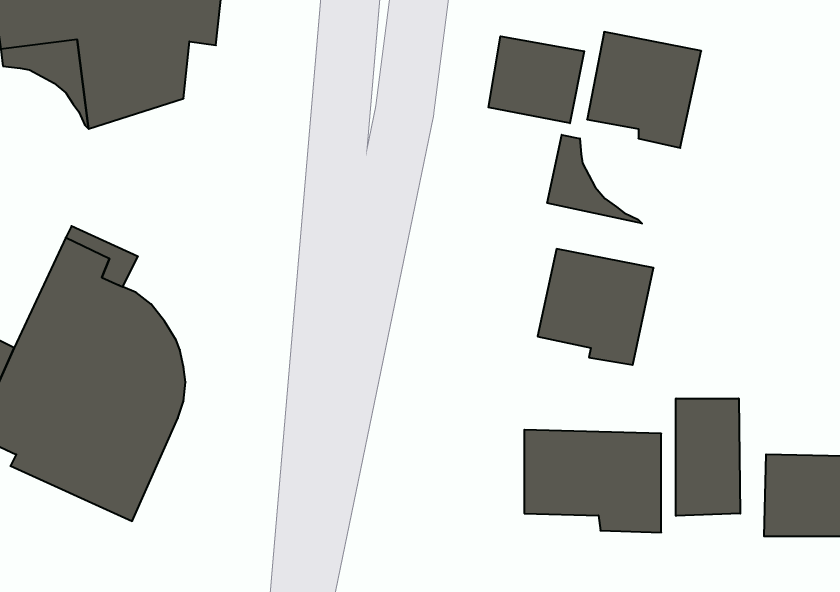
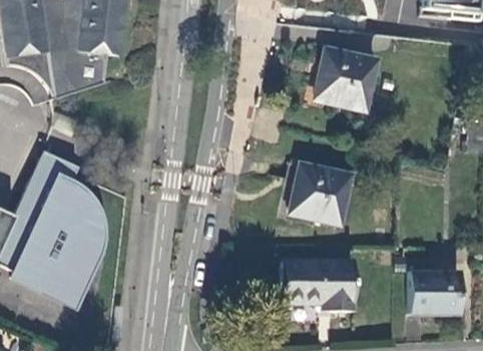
building: [488,36,584,123] -> none
building: [547,135,642,224] -> none
building: [676,398,740,516] -> none

